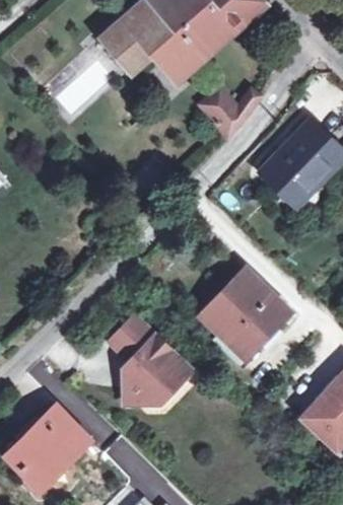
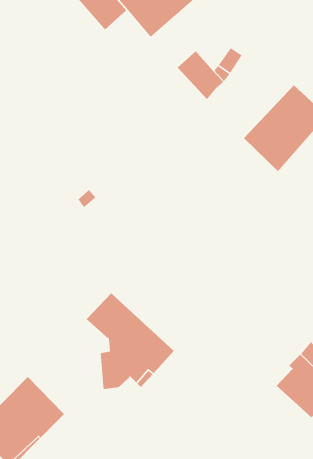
building: [204,271,289,356] -> none

